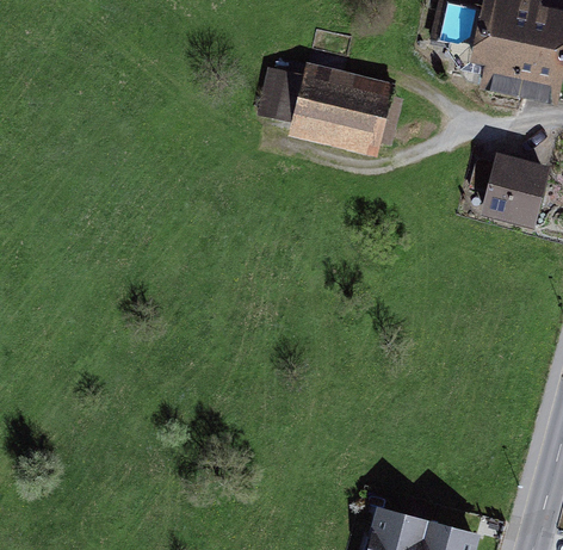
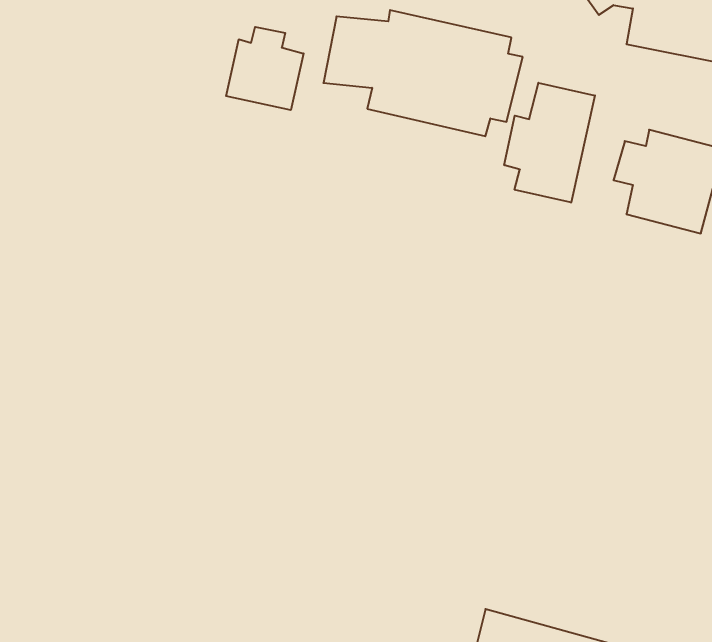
building: none -> [226,27,304,110]
building: none -> [504,83,595,203]

